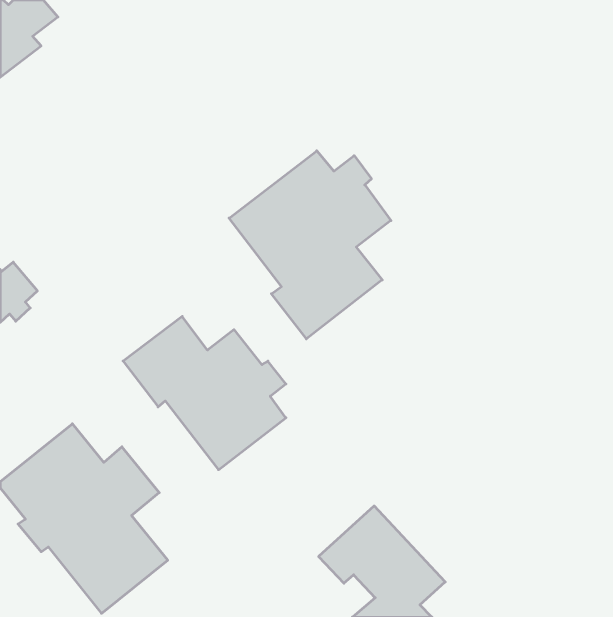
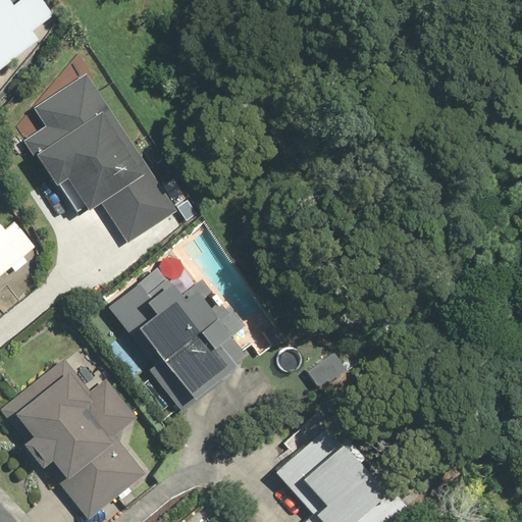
building: none -> [22,72,178,249]
building: [229,151,391,339] -> none

